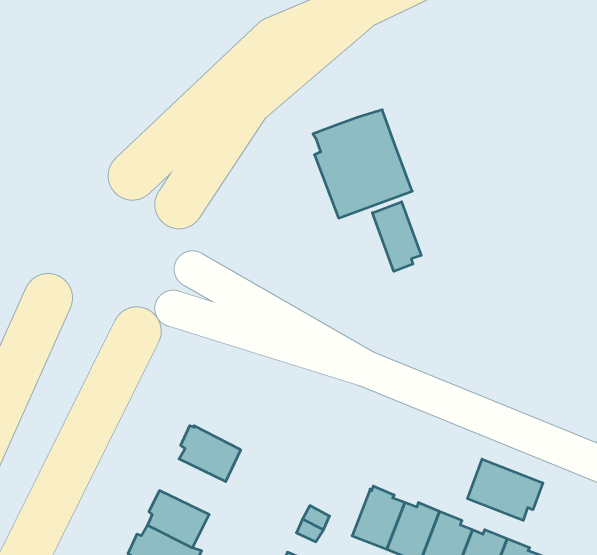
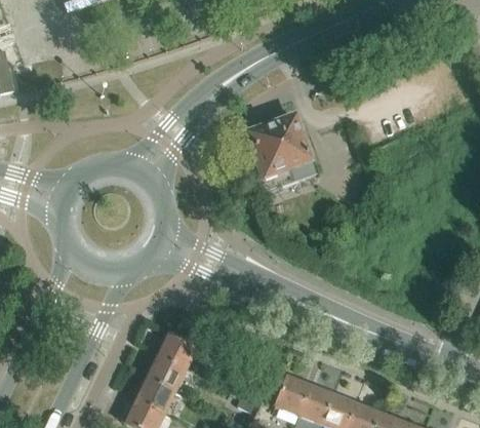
building: [372,202,421,271] -> none
building: none -> [144,354,189,392]
building: [468,459,543,520] -> none

